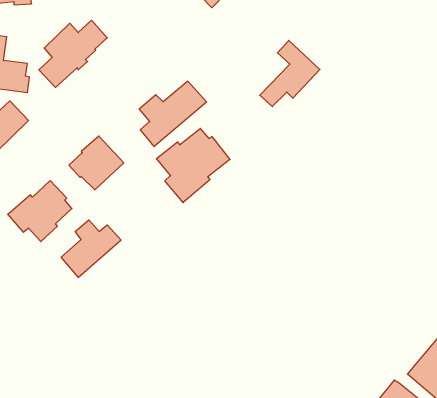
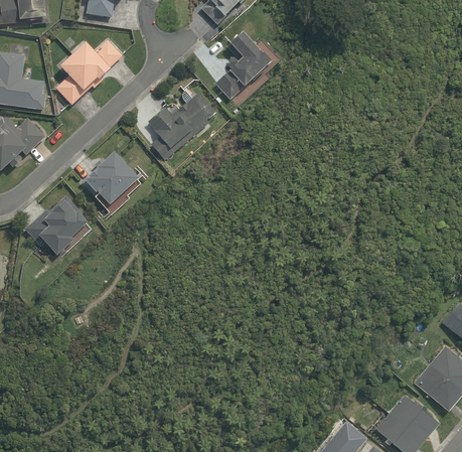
building: [260,40,320,107] -> [220,34,279,99]
building: [157,128,230,203] -> none
building: [61,220,121,278] -> none

